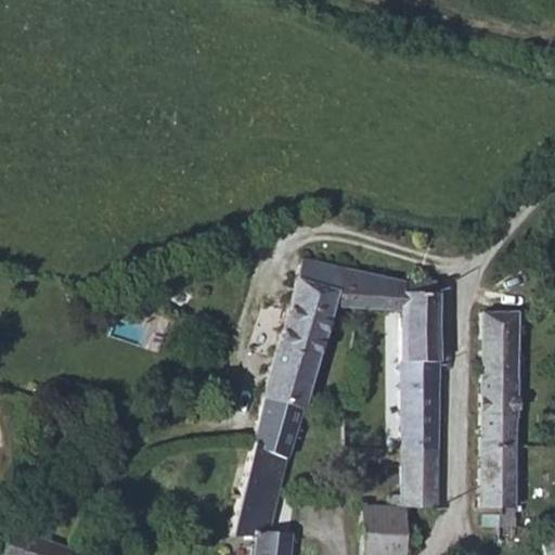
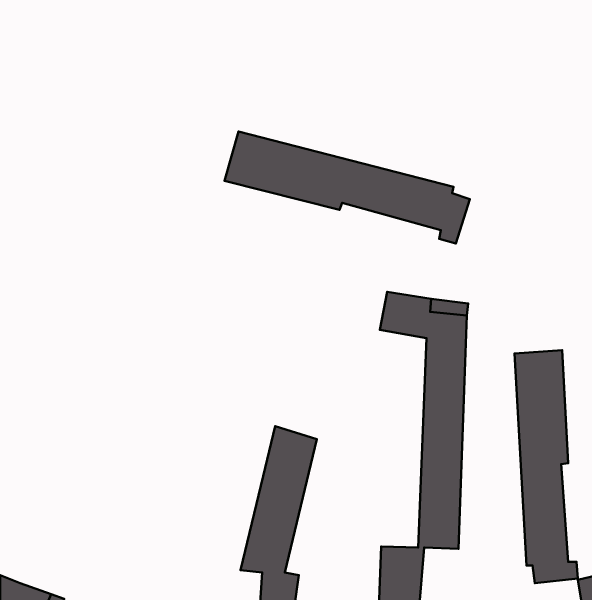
building: none -> [225,131,470,243]
building: [266,263,367,408] -> none

